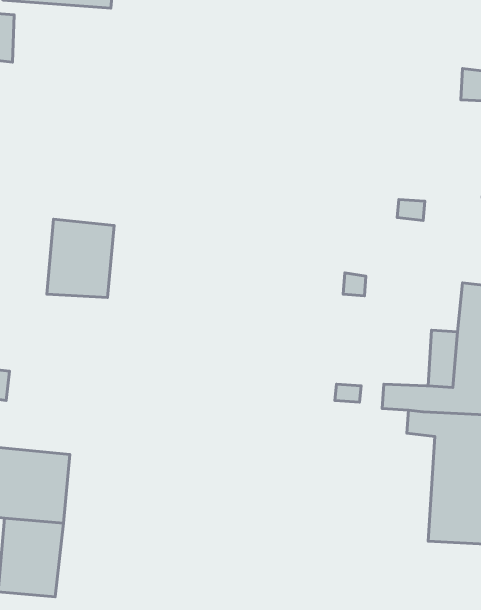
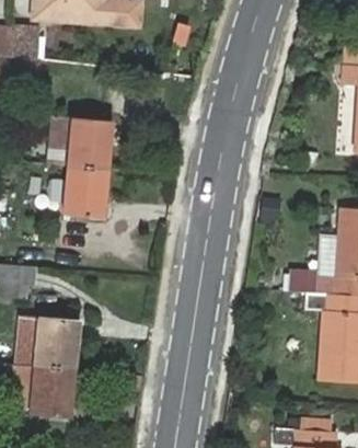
building: none -> [48,115,114,168]

